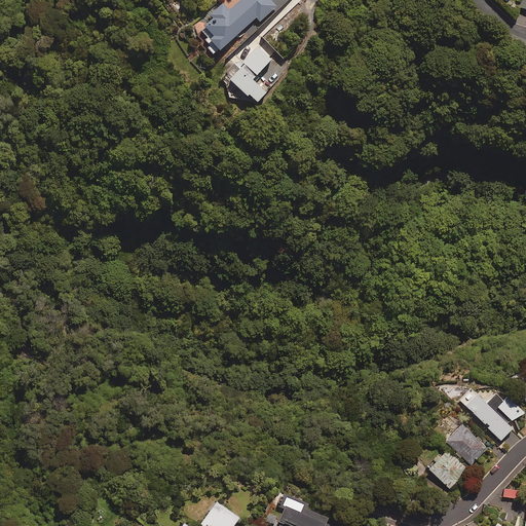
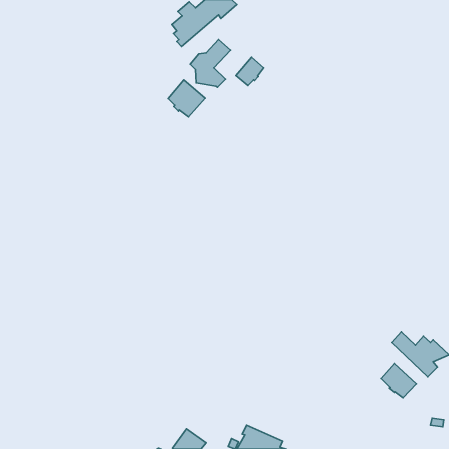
building: none -> [236,57,264,86]
building: none -> [168,80,205,117]
building: [428,450,467,488] -> none

